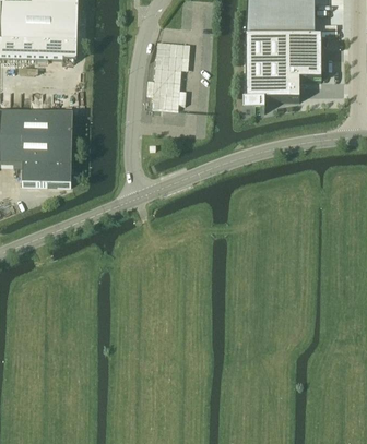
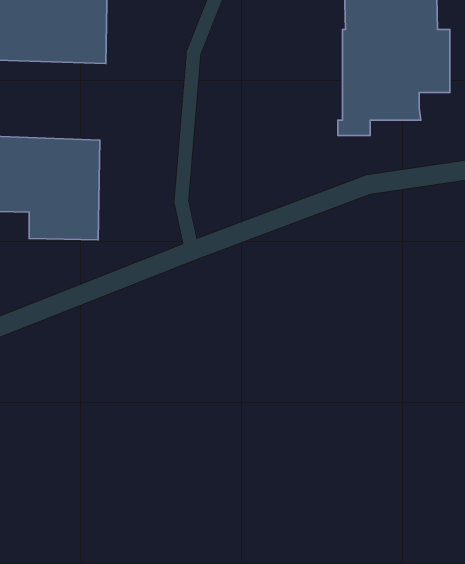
building: [146,38,190,106] -> none

